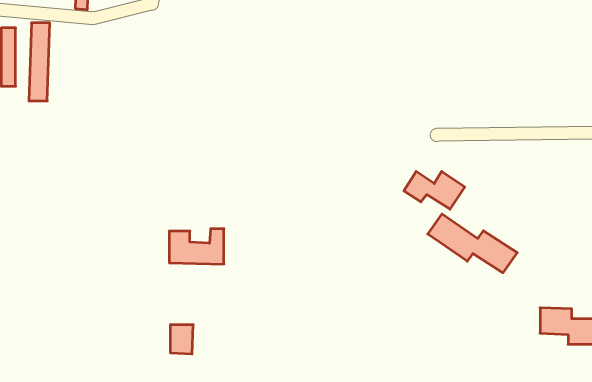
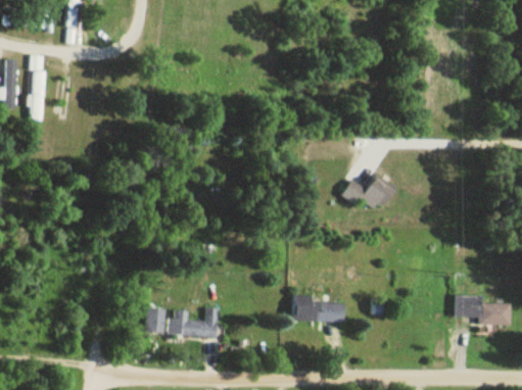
building: [428,214,517,273] -> none
building: [169,229,224,264] -> [172,308,218,338]
building: none -> [294,295,345,322]

